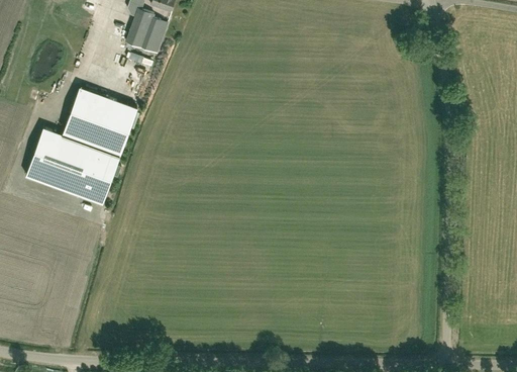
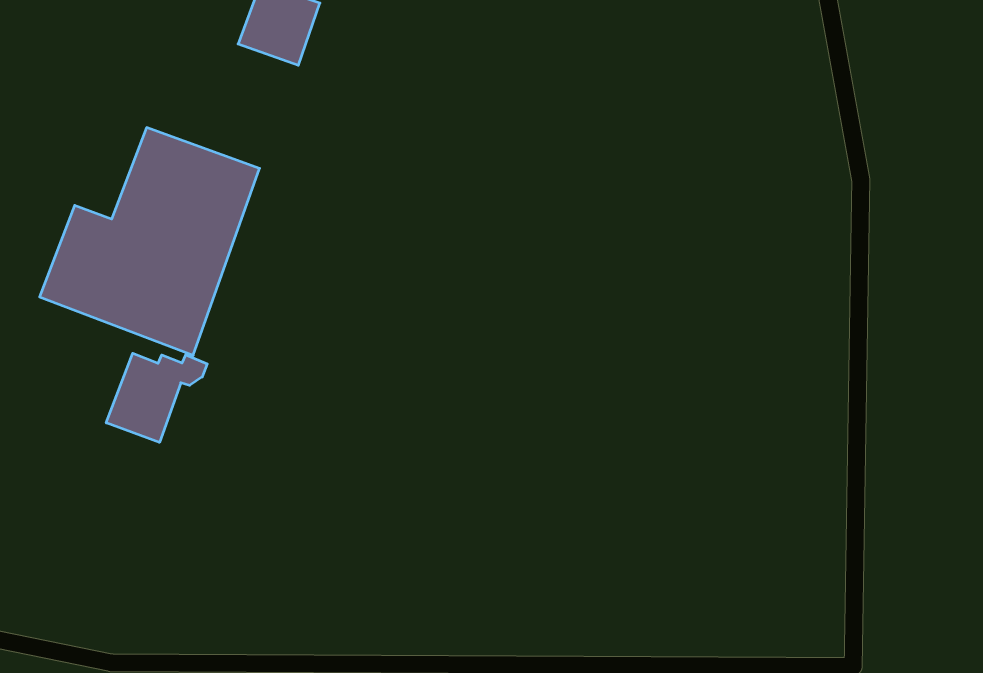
building: none -> [106,353,207,442]

